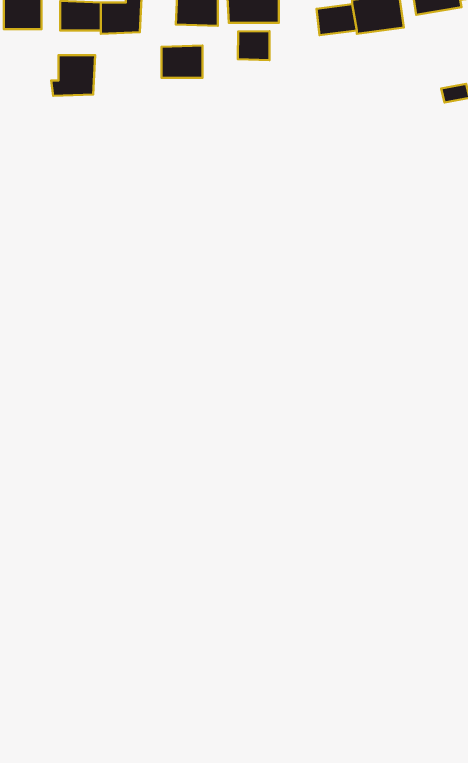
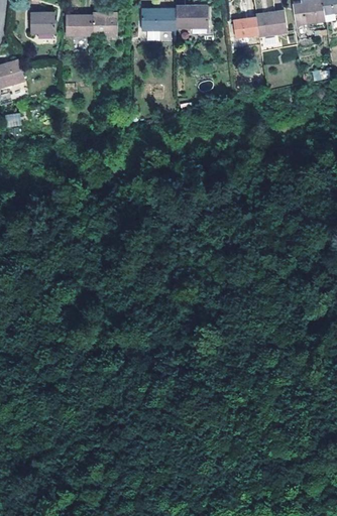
building: [238,31,270,60] -> none
building: [161,45,202,78] -> none
building: [51,55,95,96] -> none

